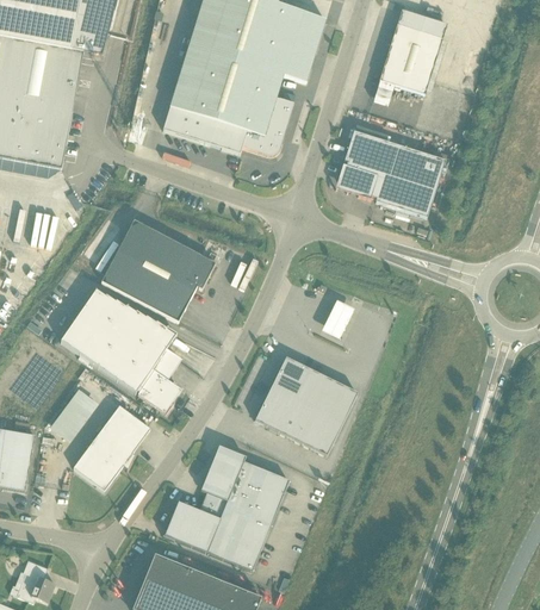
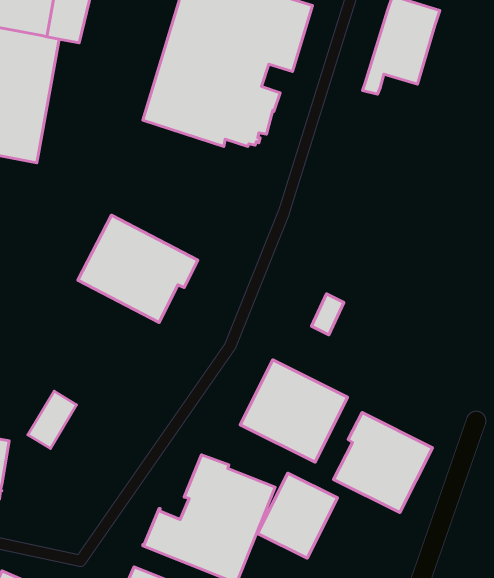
building: [337,129,445,216] -> none
building: [60,288,179,412] -> none
building: [73,404,149,488] -> none
building: none -> [334,413,432,513]
building: none -> [258,473,337,558]

